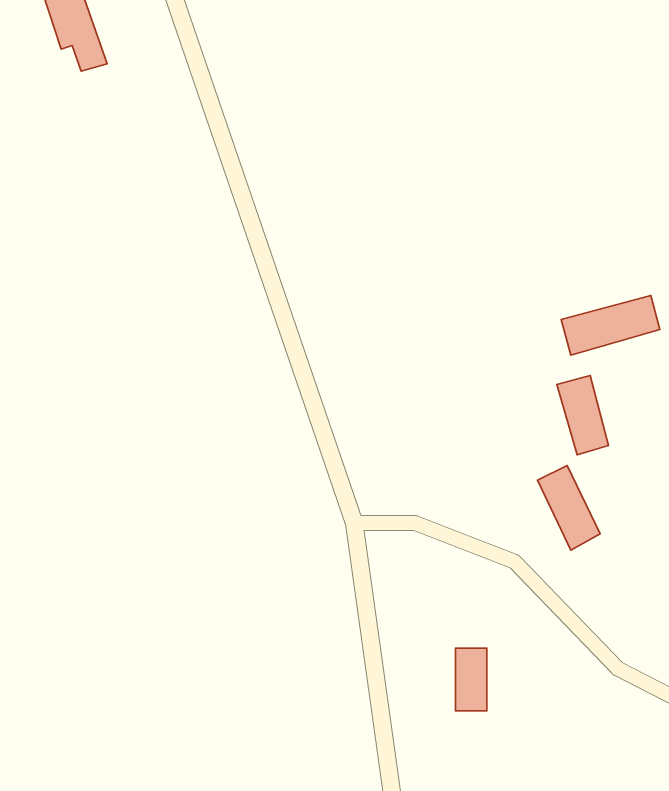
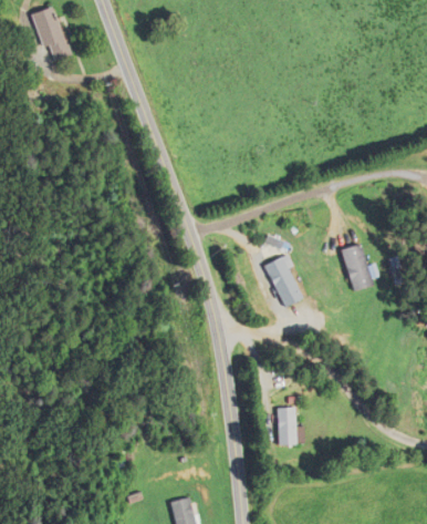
building: [561,295,660,355] -> none
building: [538,465,600,550] -> [265,257,303,308]

